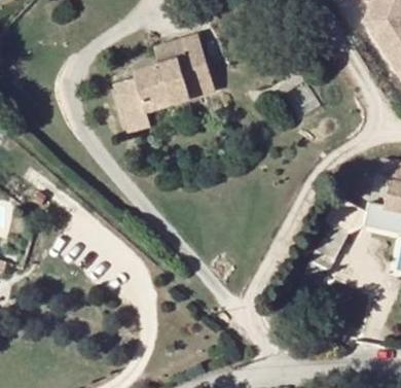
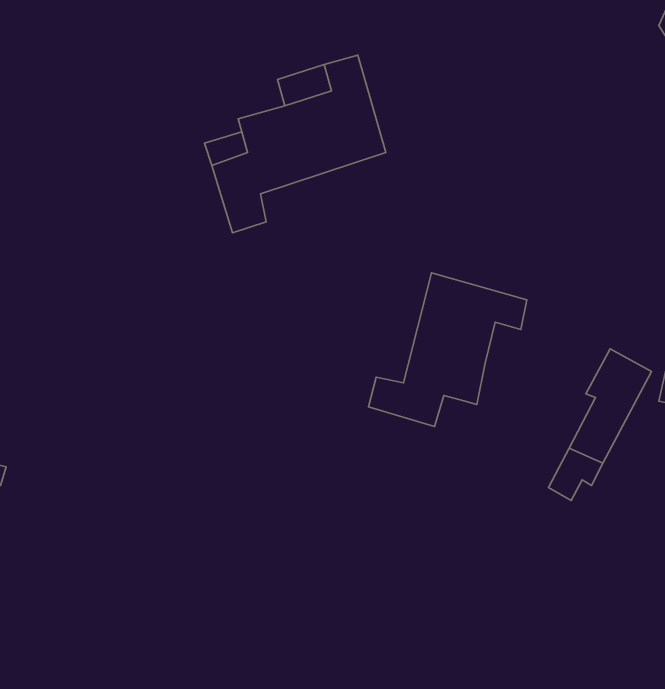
building: none -> [368,273,527,427]

